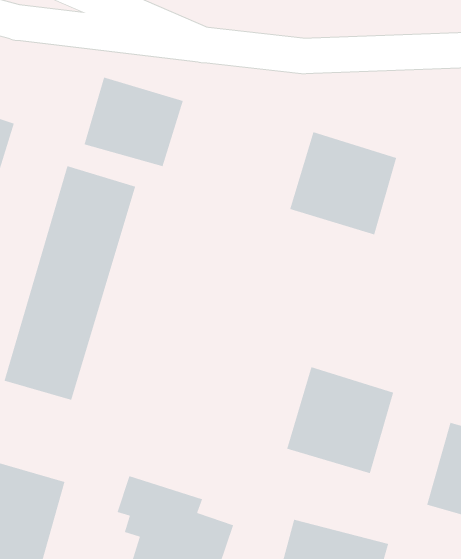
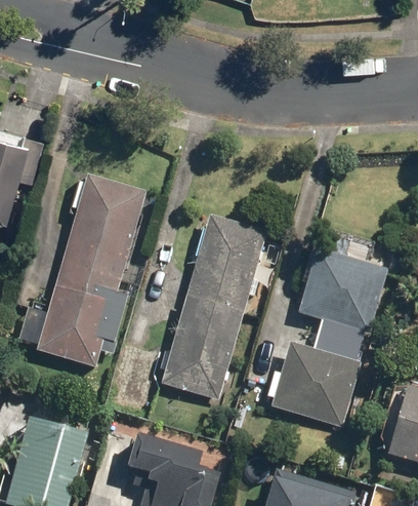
building: [83,77,184,167] -> none
building: [289,131,397,236] -> [298,246,387,333]
building: none -> [161,213,266,402]

